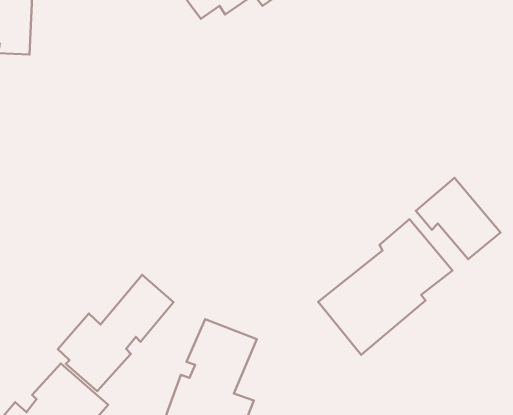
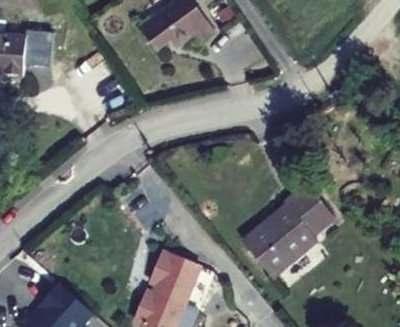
building: [416,178,501,259] -> none
building: [58,275,173,391] -> none

